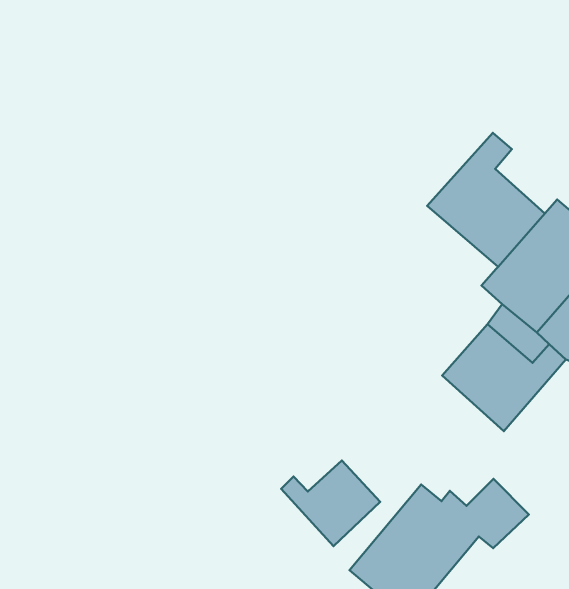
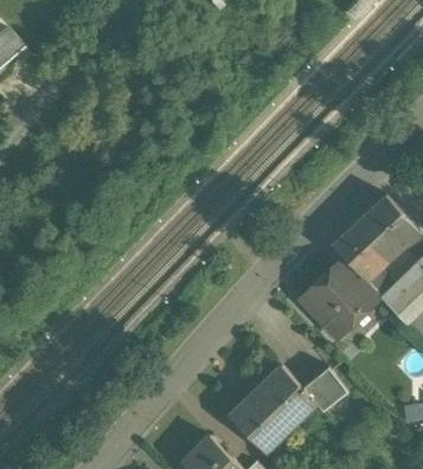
building: [427,133,545,267] -> none
building: [281,461,380,546] -> none

